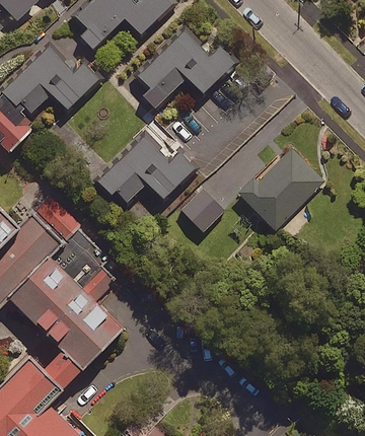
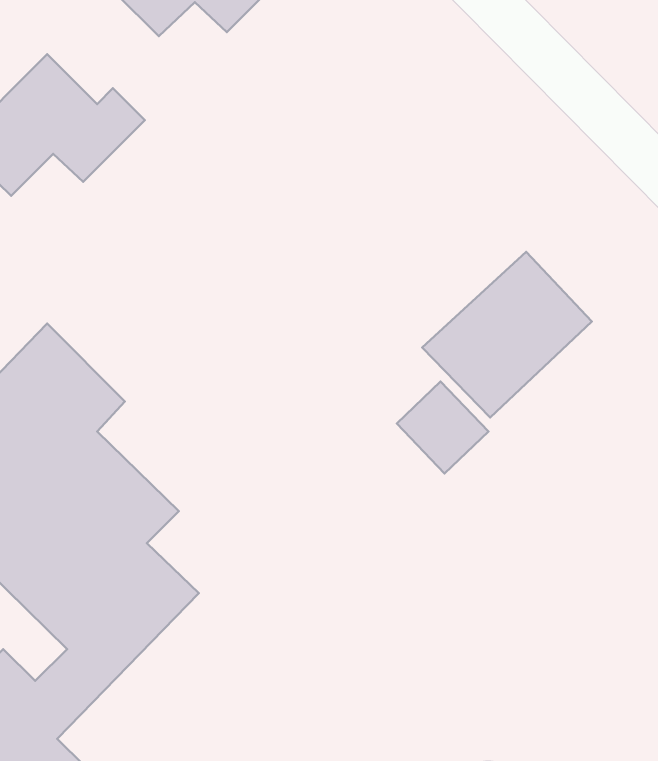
building: [139,27,239,101] -> none
building: [98,131,192,200] -> none
building: [178,189,225,235] -> [397,382,489,473]

